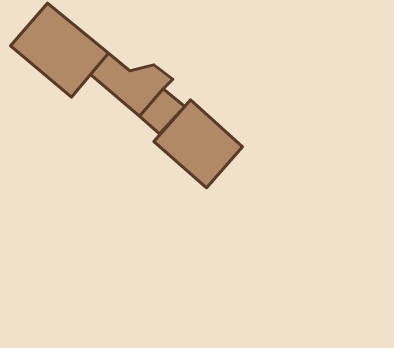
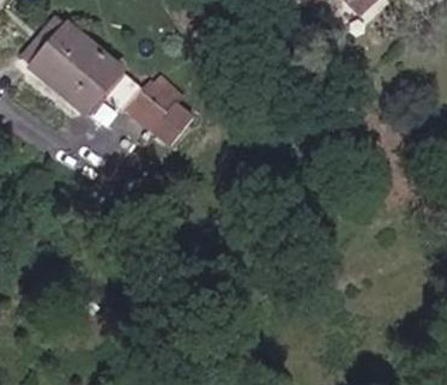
building: [154,100,242,188] -> none

